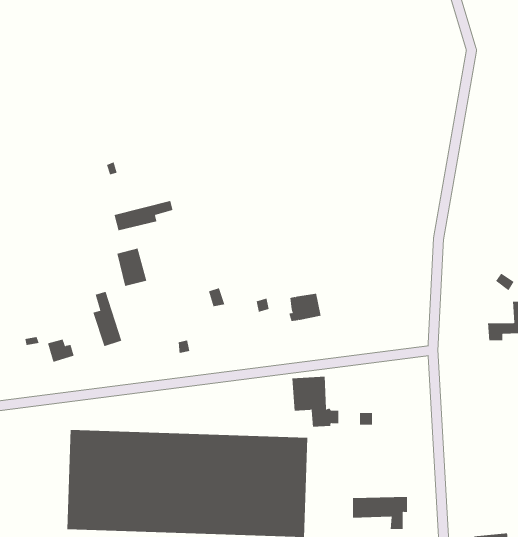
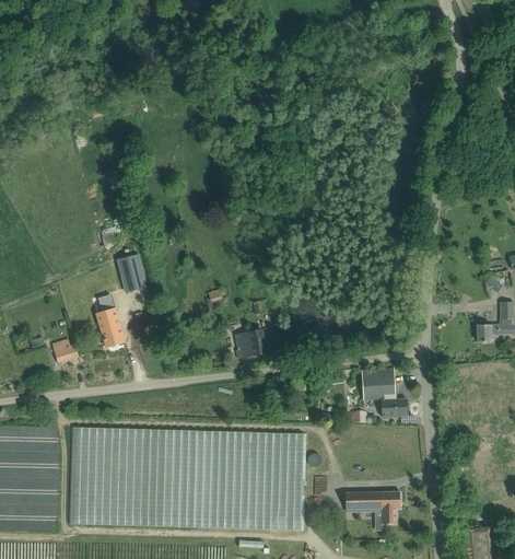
building: [114,200,173,231] -> none
building: [289,293,321,322] -> [235,330,267,358]
building: [292,376,339,427] -> [362,368,408,417]

